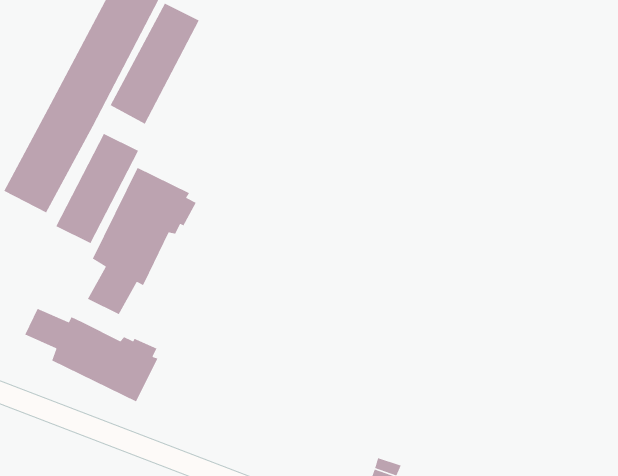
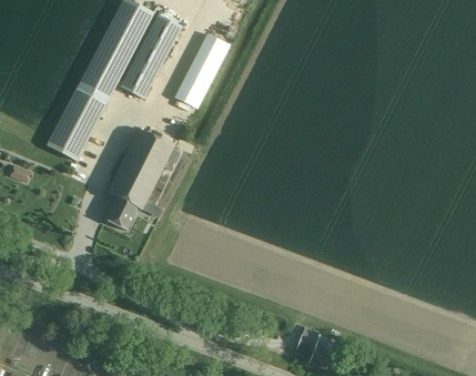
building: [55,133,139,244] -> [174,32,232,109]
building: [24,308,158,403] -> none

